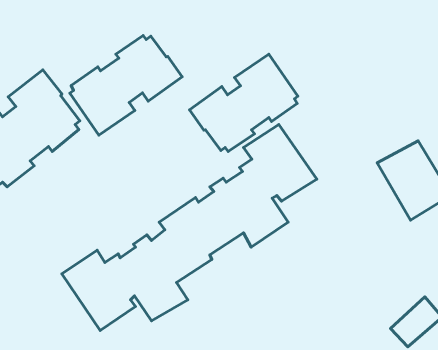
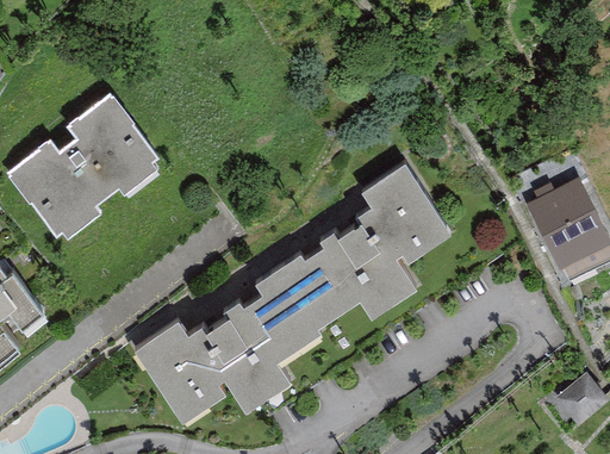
building: [70,35,182,135] -> none
building: [190,54,298,152] -> none

